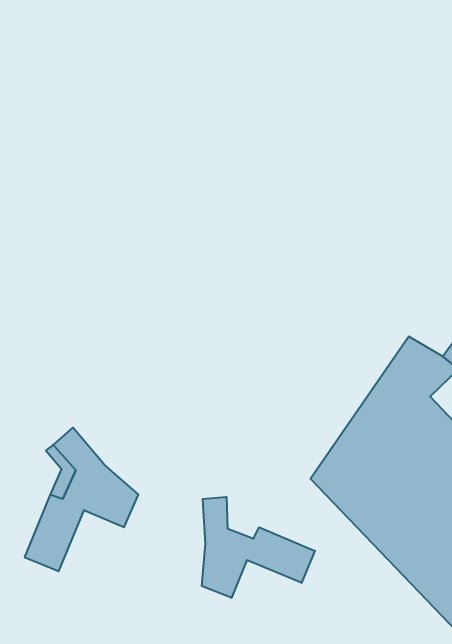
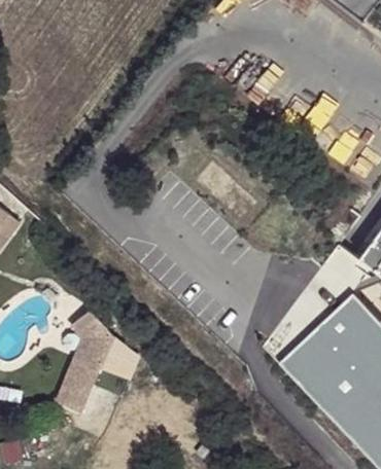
building: [202,497,315,598] -> none

